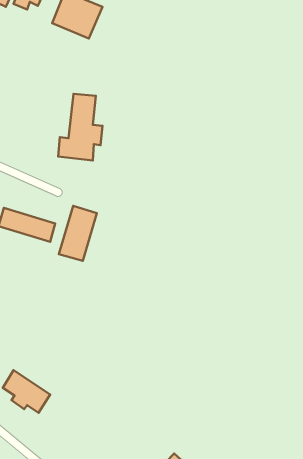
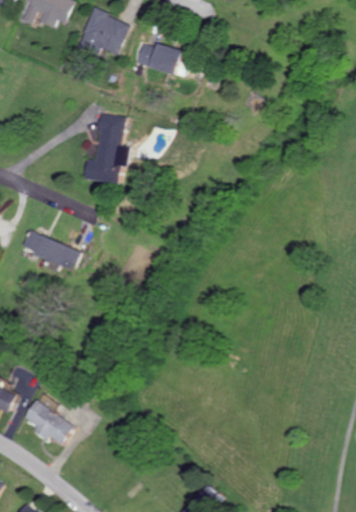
building: none -> [134,44,180,74]
building: [59,206,97,261] -> none

